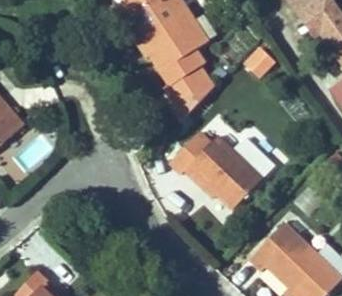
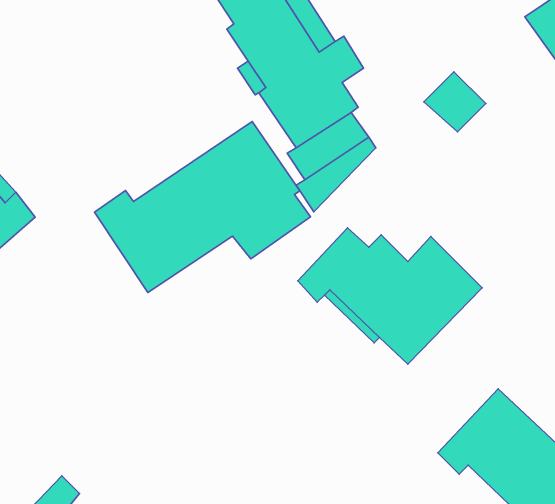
building: none -> [94,122,311,292]

